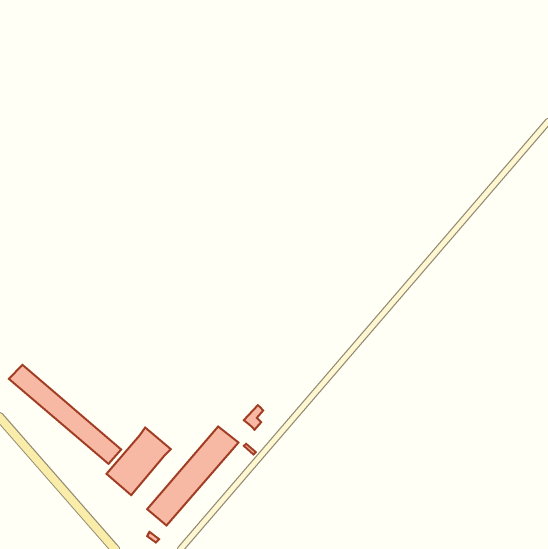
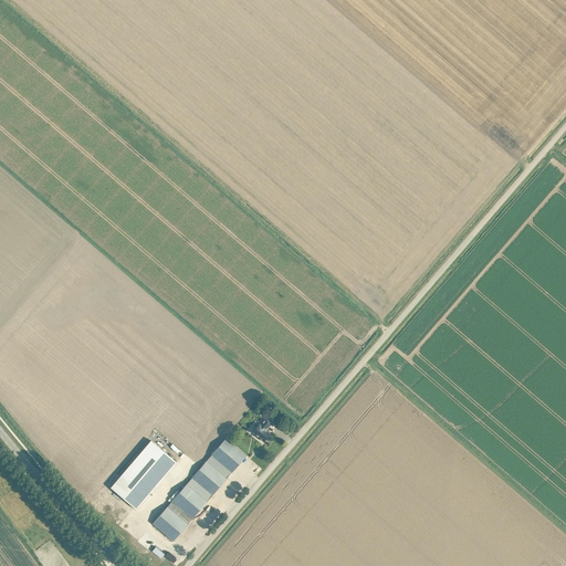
building: [9,365,121,464] -> none

